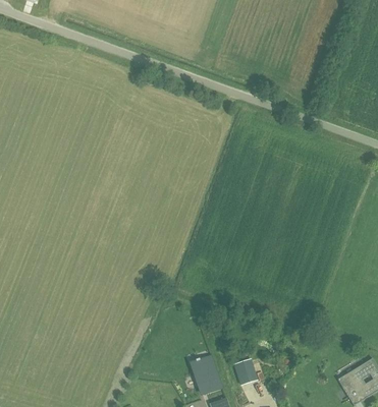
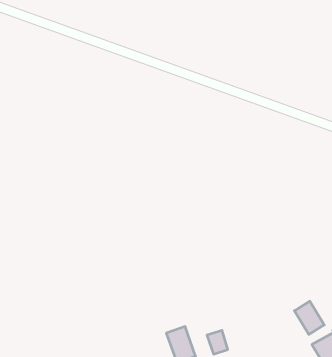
building: none -> [294,301,324,334]

